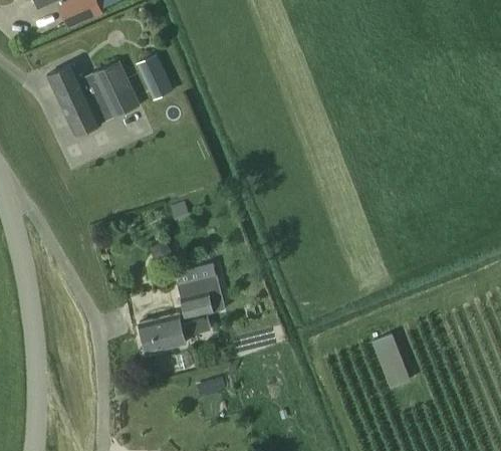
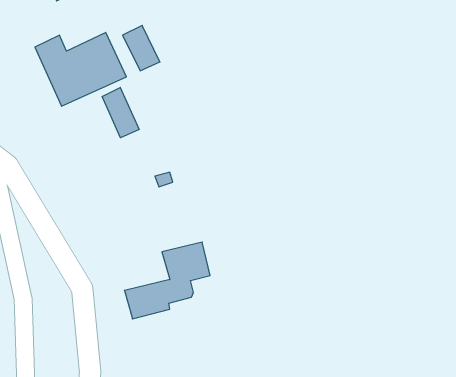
building: none -> [102,87,139,138]
building: [373,330,412,386] -> none

